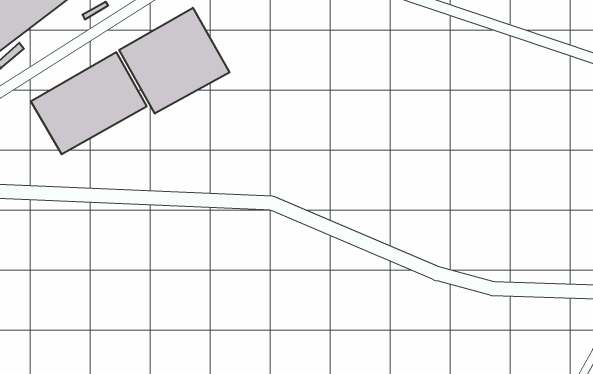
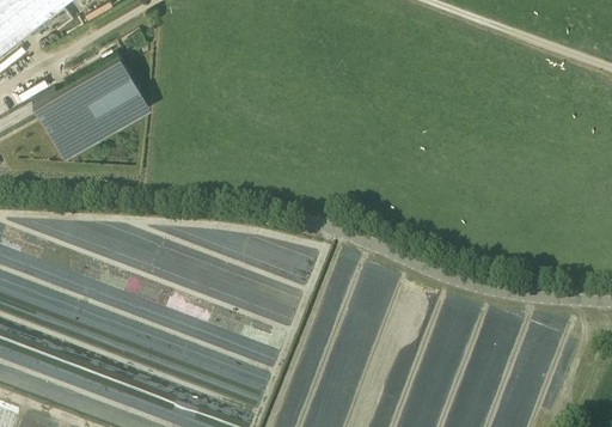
building: [119,8,229,114] -> none

